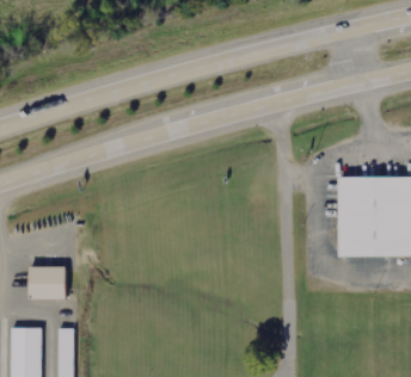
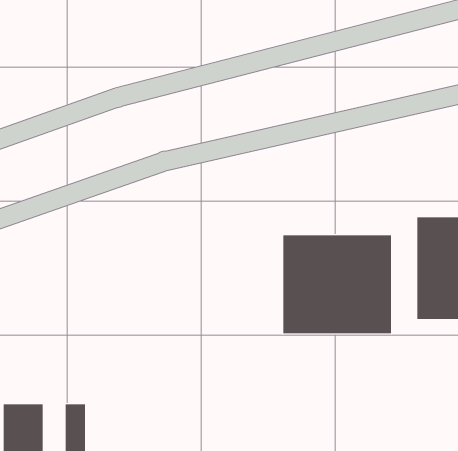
building: none -> [283,235,392,334]
building: [27,262,66,298] -> none

